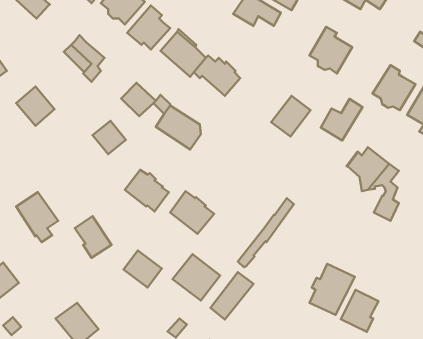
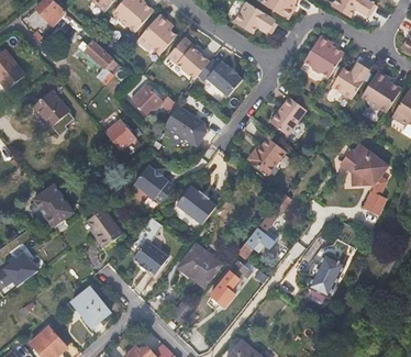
building: [321,99,362,141] -> [334,57,373,96]
building: none -> [247,137,286,175]
building: [341,290,379,332] -> none

